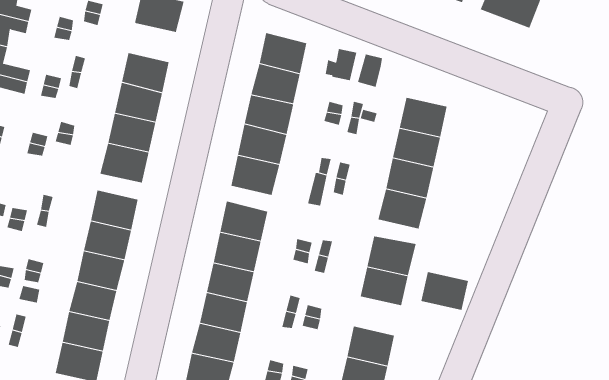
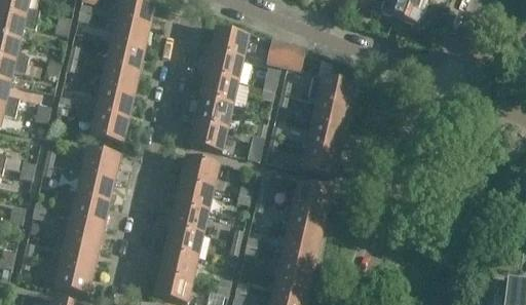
building: none -> [111,21,148,50]
building: [420,271,469,310] -> [283,229,320,259]

